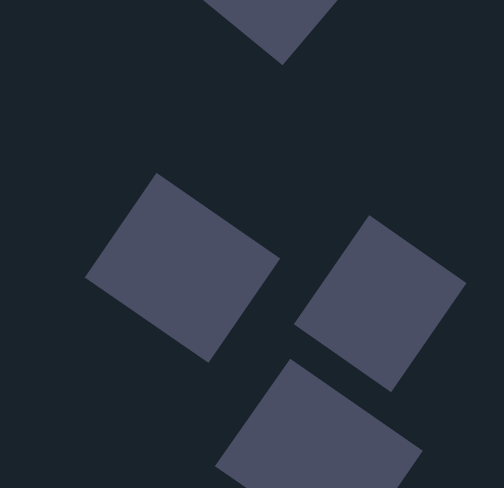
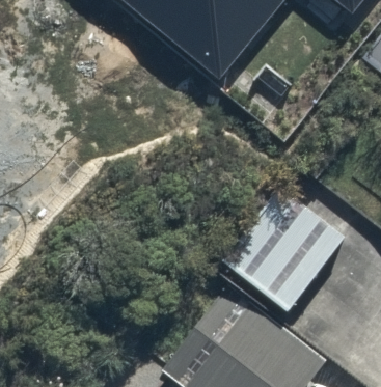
building: [84,172,281,364] -> none

